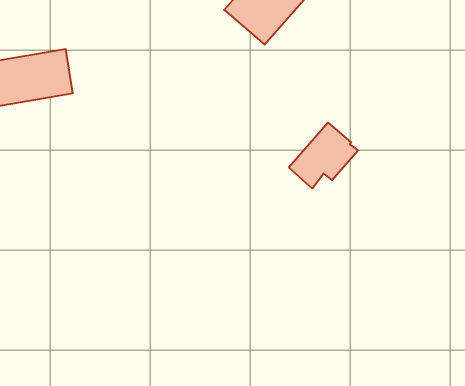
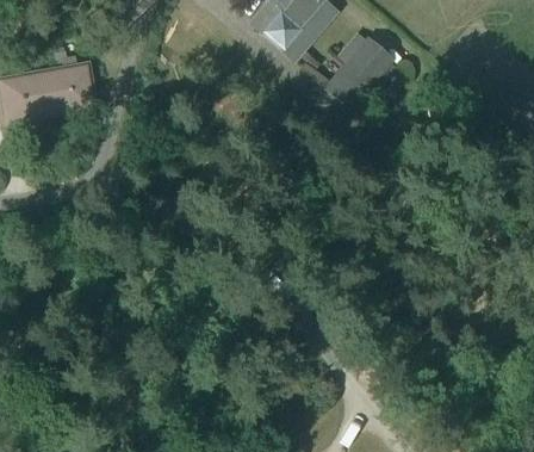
building: [289,123,358,188] -> [327,38,398,106]

